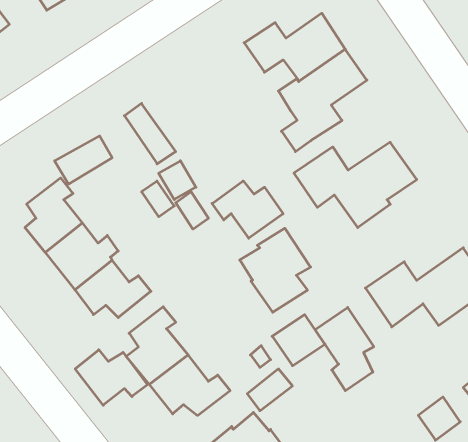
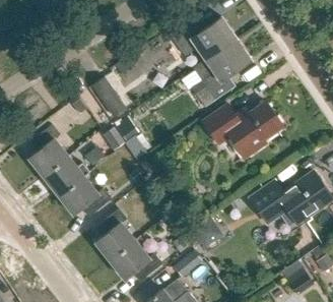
building: [212,181,283,238] -> none
building: [240,228,311,312] -> none
building: [315,307,374,391] -> none
building: [75,350,147,405] -> none

